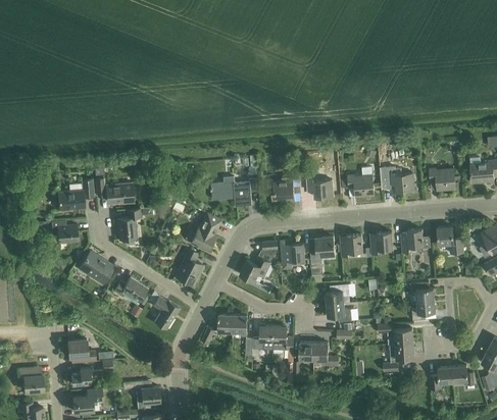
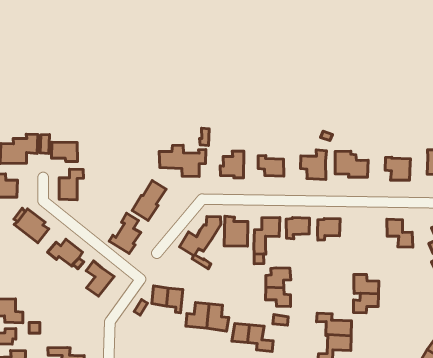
building: [401,229,424,253] -> none

